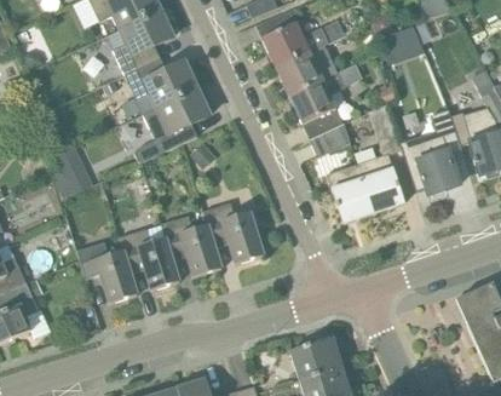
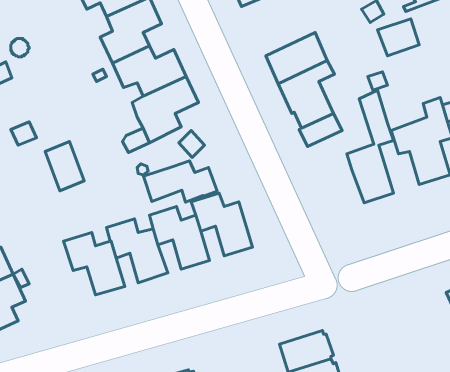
building: [261,18,345,67] -> none
building: [324,163,373,223] -> none
building: none -> [143,161,217,202]

